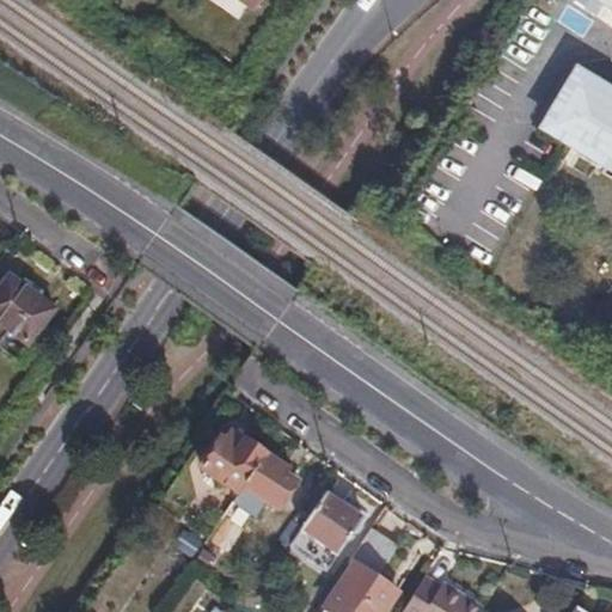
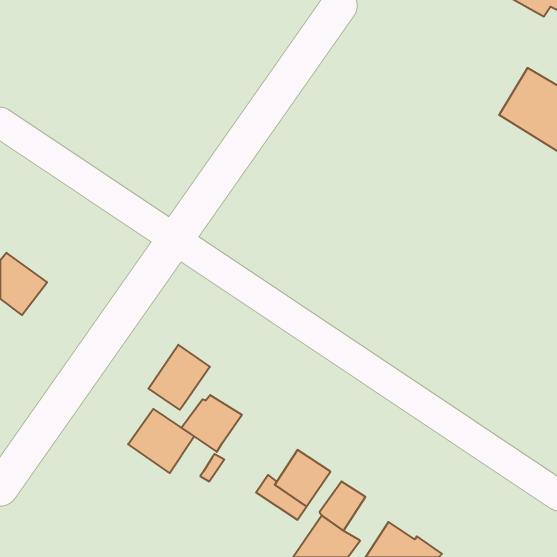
building: none -> [148,345,210,410]
building: none -> [128,409,194,473]
building: [245,453,296,507] -> none

